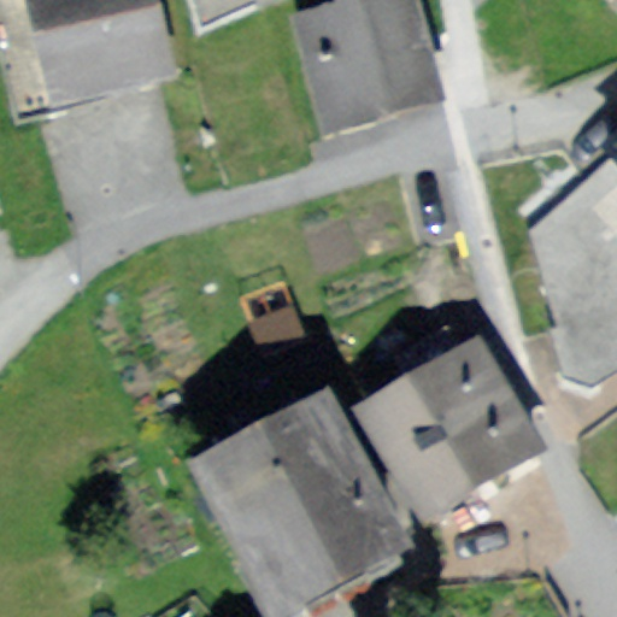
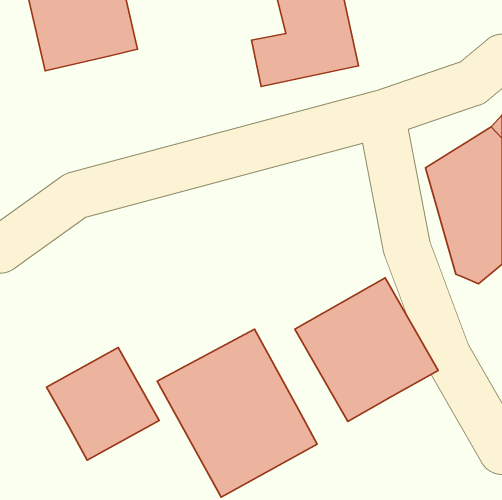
building: none -> [47,348,159,460]

